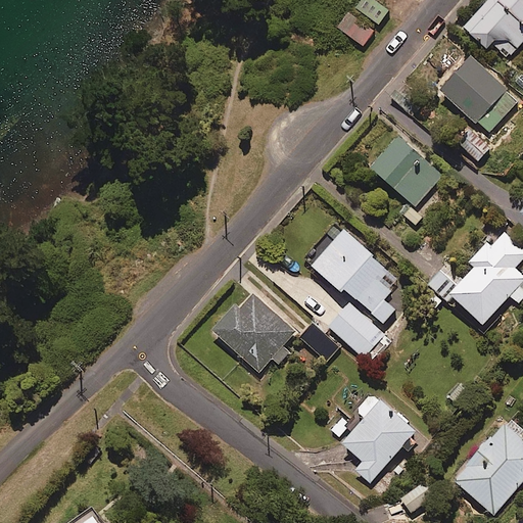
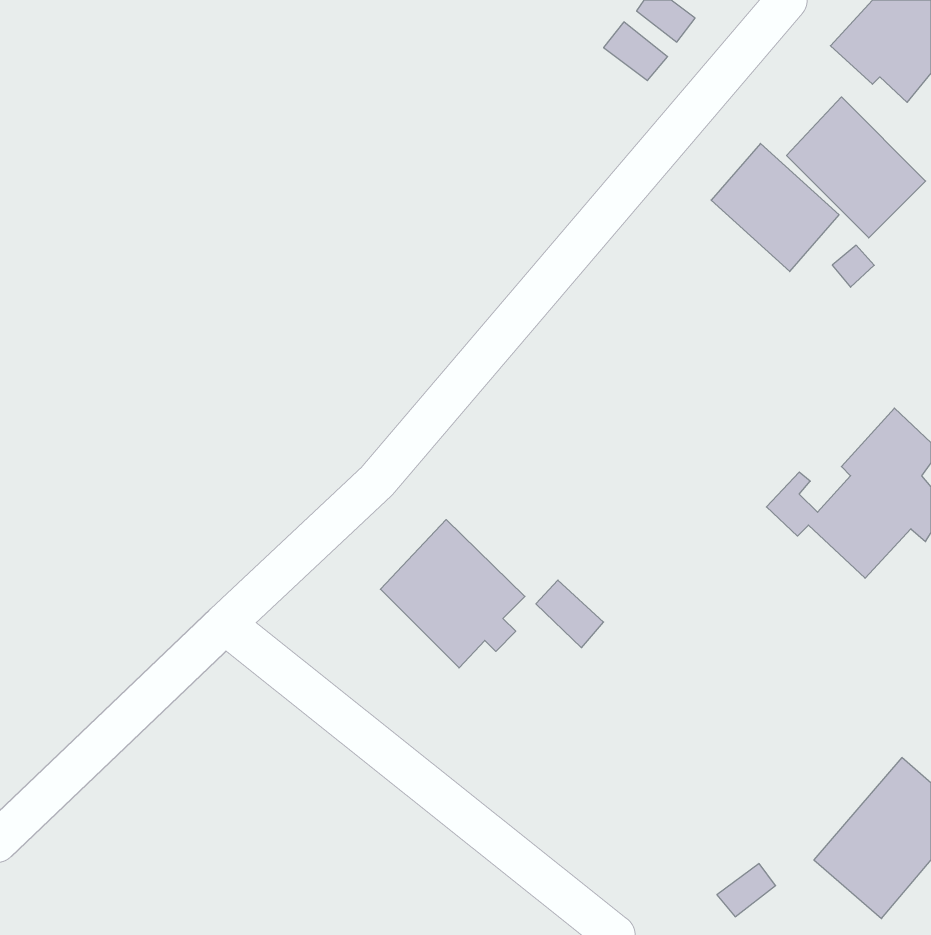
building: [370,135,441,206] -> [711,143,839,272]
building: [305,228,398,323] -> none
building: [328,302,383,358] -> none
building: [343,392,418,482] -> none

